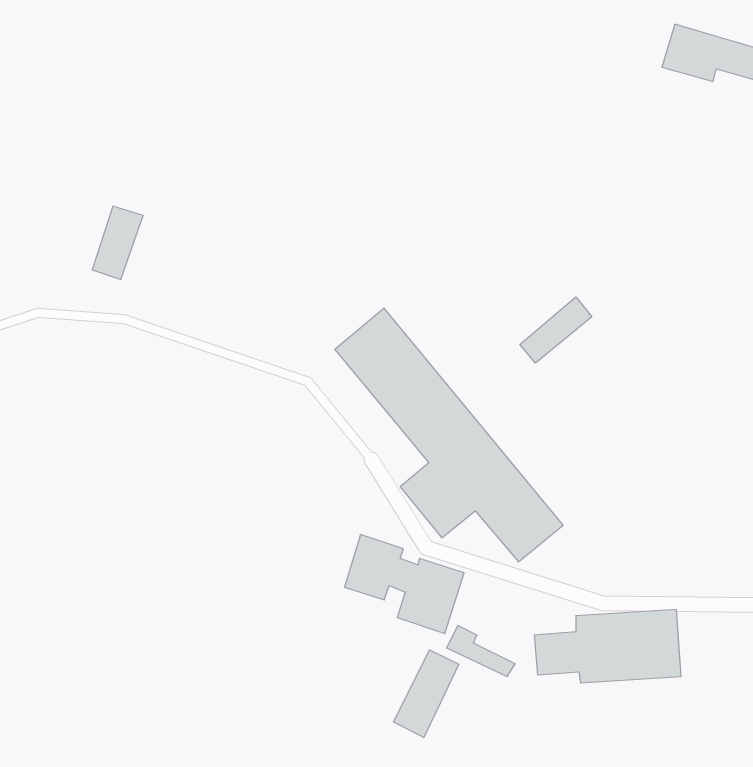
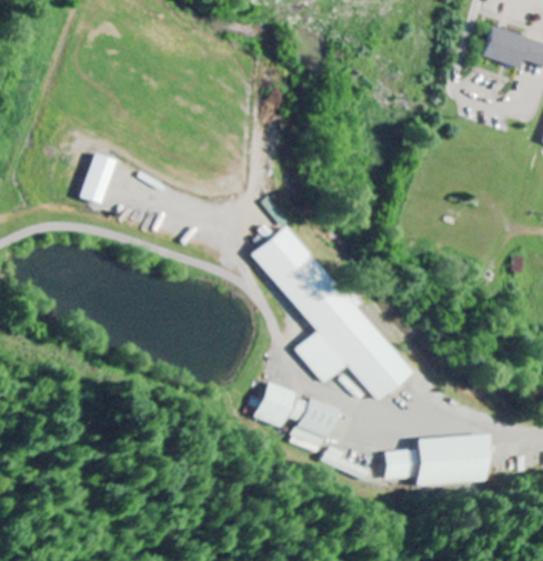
building: [520,297,592,363] -> none
building: [394,650,459,738] -> none

